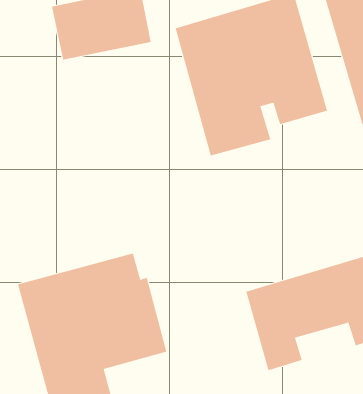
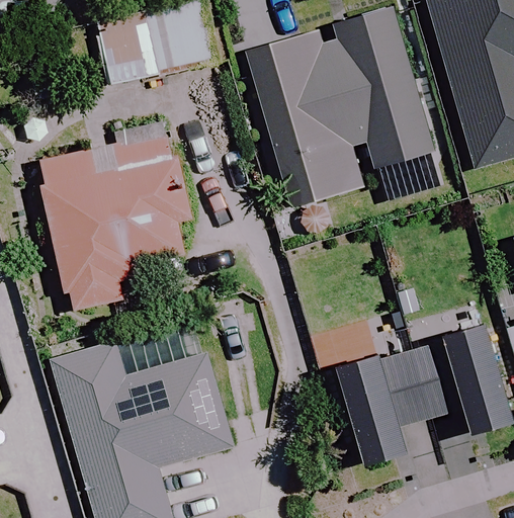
building: none -> [38,135,191,309]

